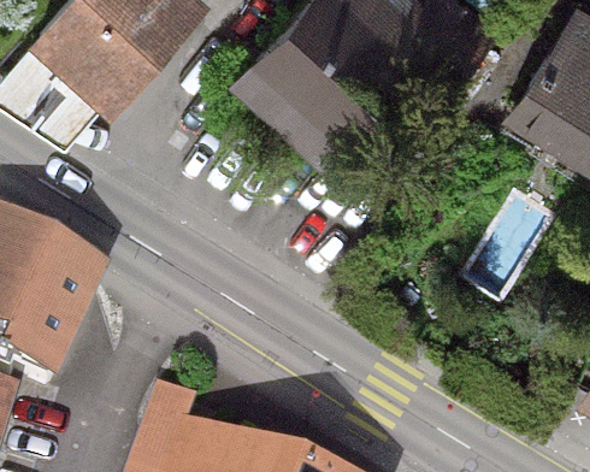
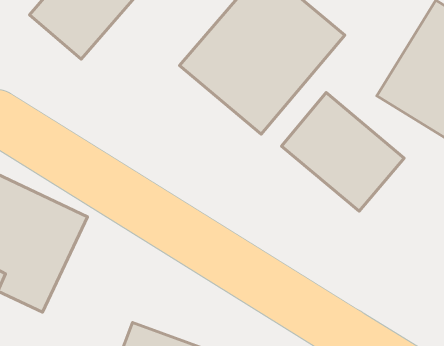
building: none -> [281,92,404,211]

